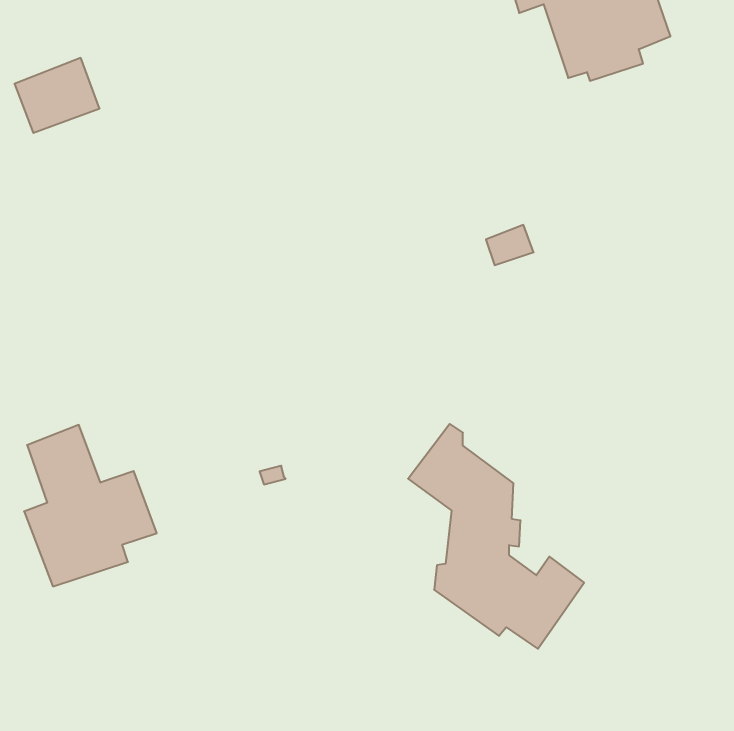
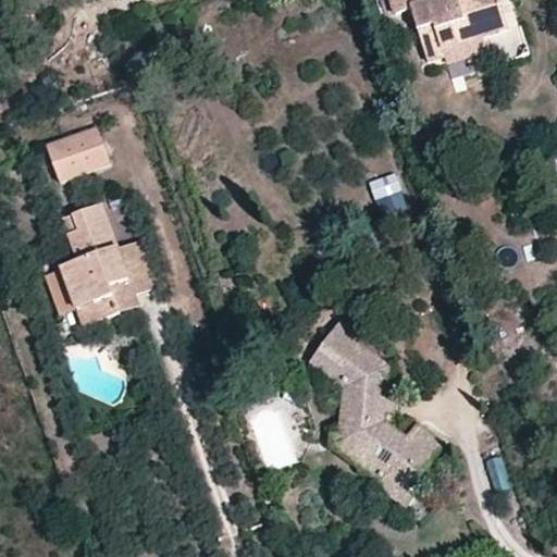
building: [14,58,100,133] -> [45,124,109,181]
building: [24,425,157,586] -> [60,201,160,323]

